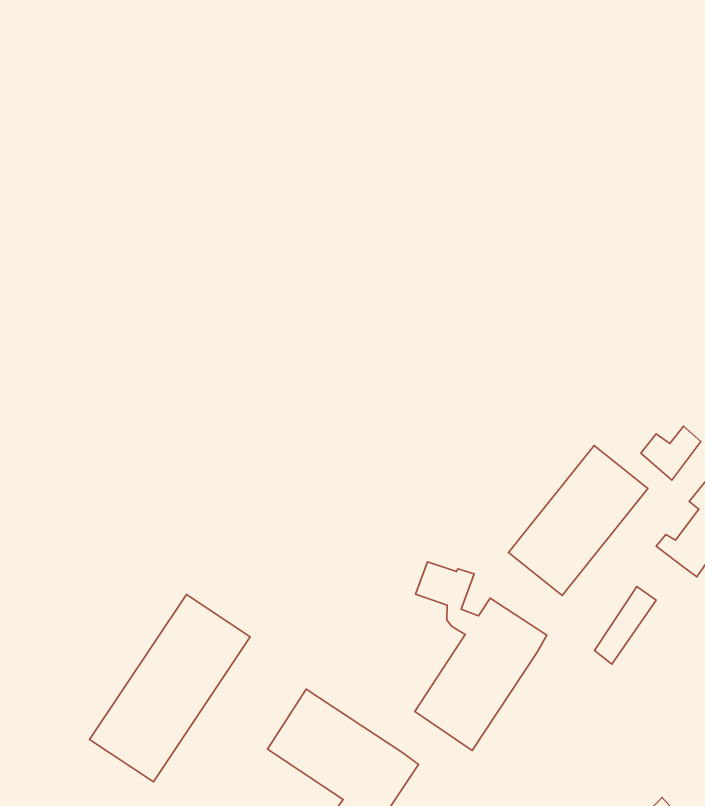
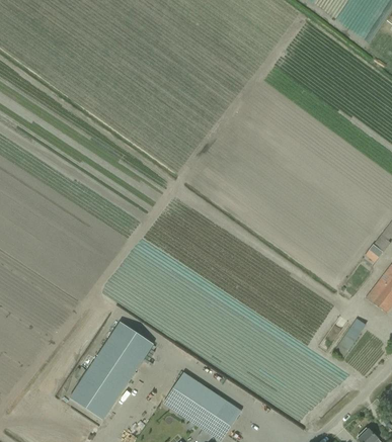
building: [509,446,648,595] -> none
building: [415,562,547,750] -> none

